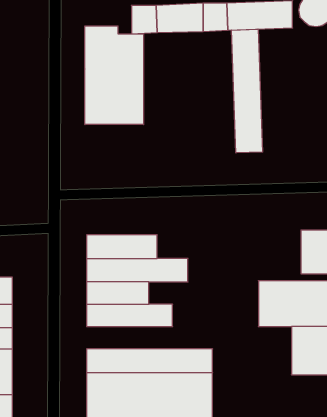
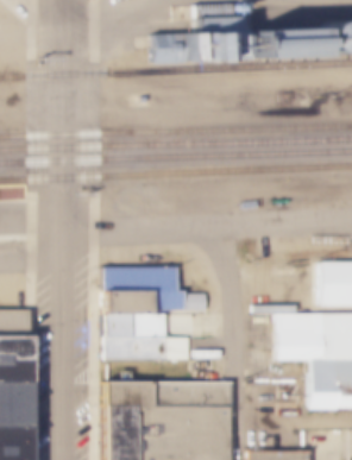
building: [85,26,144,125] -> none
building: [231,29,263,153] -> none

